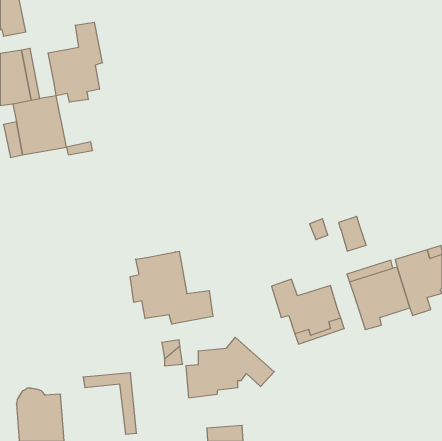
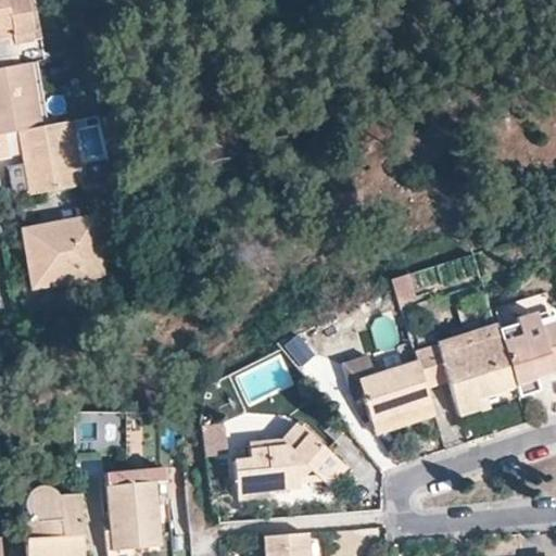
building: [48,22,102,102] -> none
building: none -> [23,215,104,283]
building: [339,216,366,251] -> [413,344,447,388]
building: [130,251,213,324] -> none
building: none -> [106,482,157,549]

